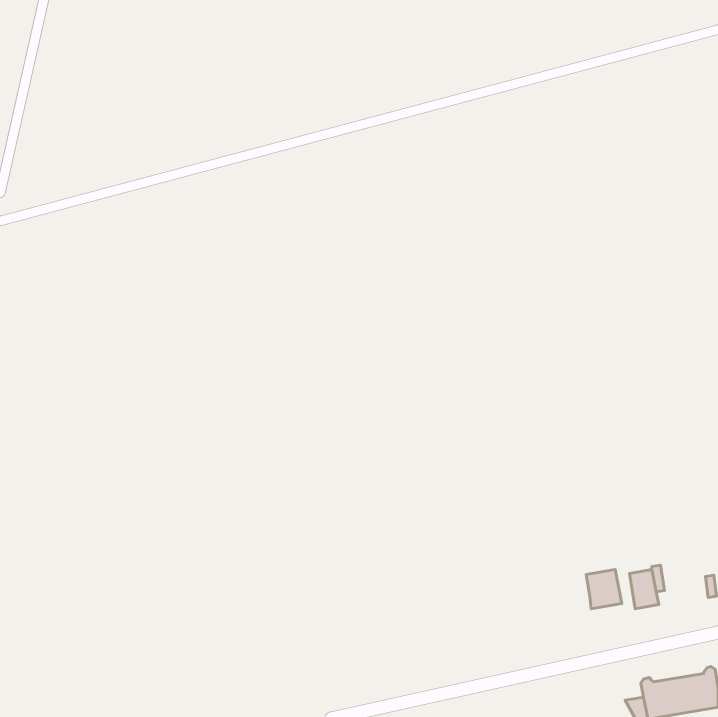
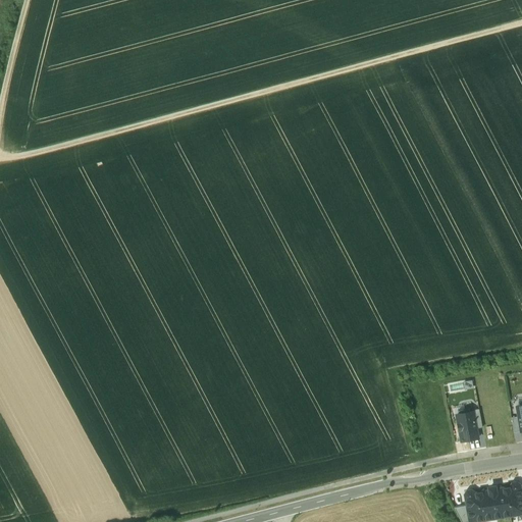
building: [586,570,622,609] -> none

